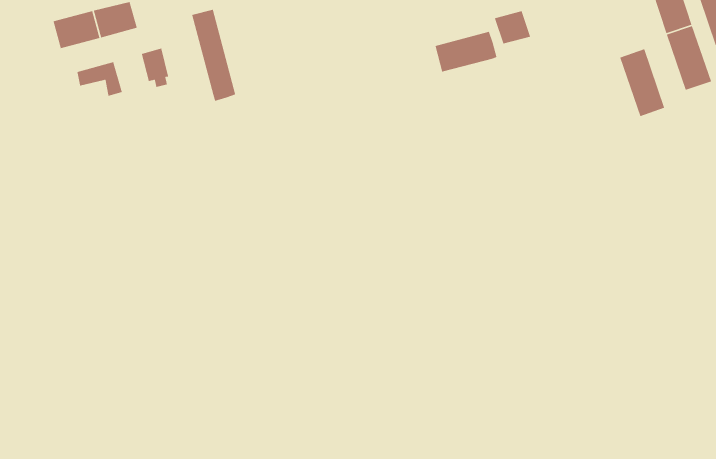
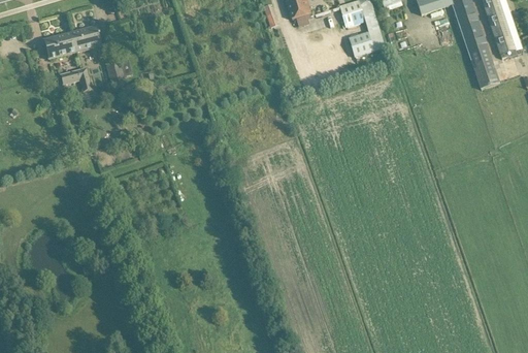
building: [191,9,236,102] -> none
building: [434,31,498,73] -> none
building: [619,48,665,117] -> none

